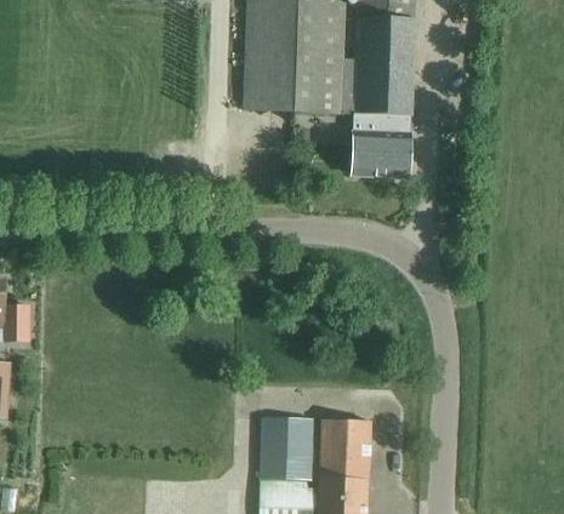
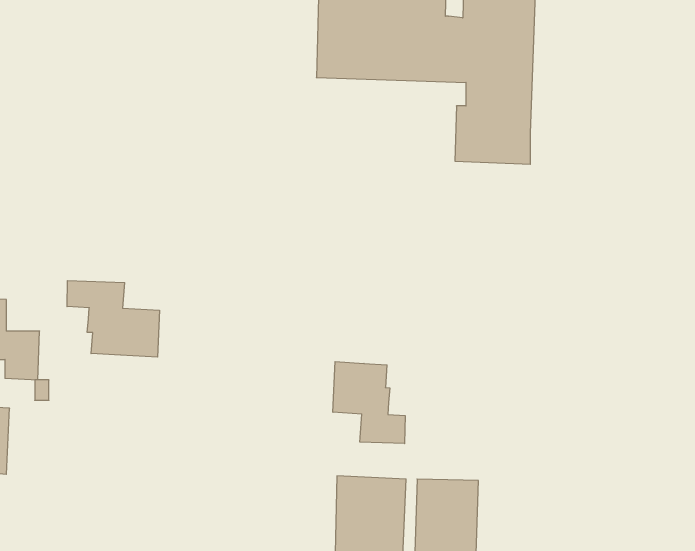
building: none -> [67,281,159,357]
building: none -> [333,362,405,444]

